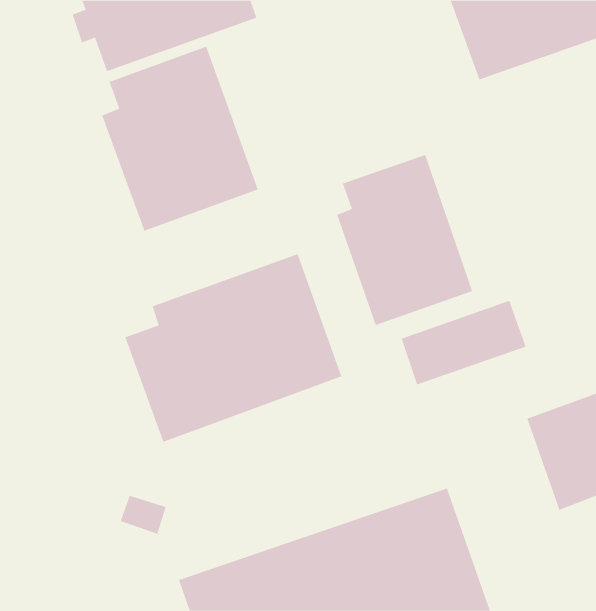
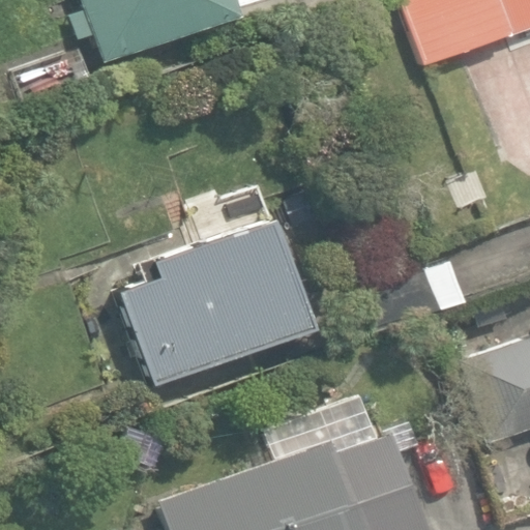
building: [101,46,258,232] -> none
building: [336,154,473,326] -> none

